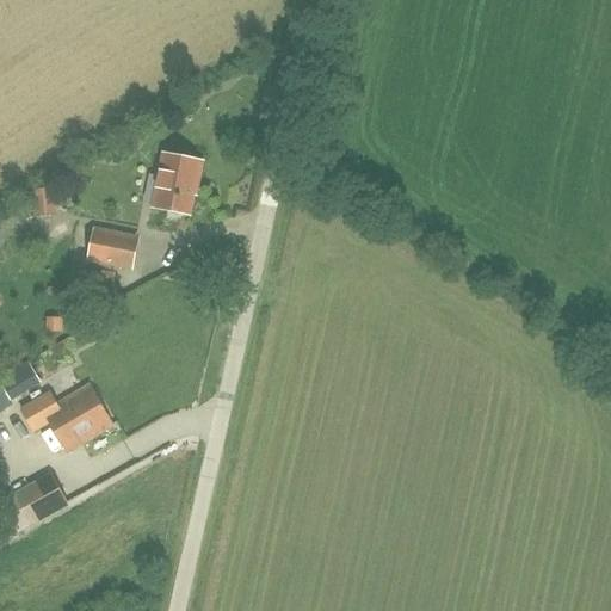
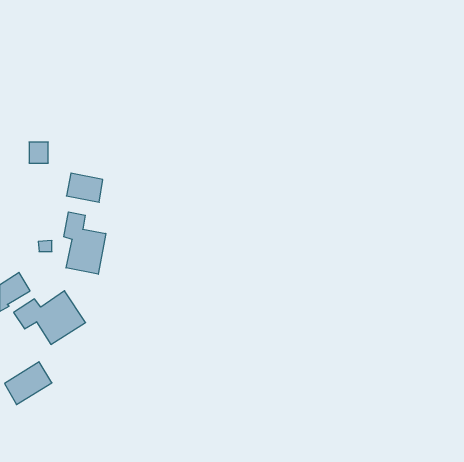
building: [153,152,199,212] -> none
building: none -> [64,212,106,274]

